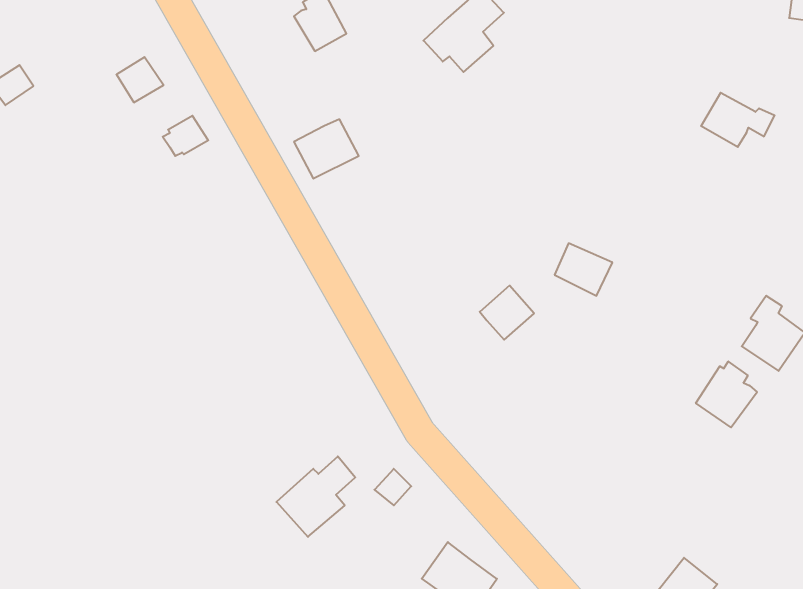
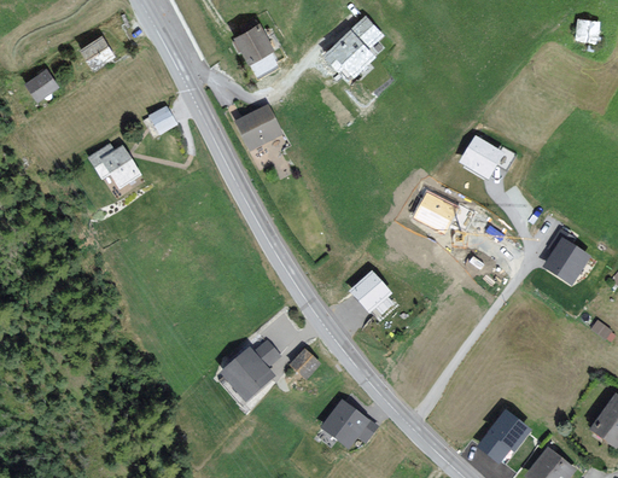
building: [116,57,164,102] -> [82,37,115,69]
building: [701,93,775,147] -> [462,138,513,175]
building: none -> [88,145,138,187]
building: [480,286,534,340] -> [351,273,389,310]
building: [696,361,757,427] -> none

